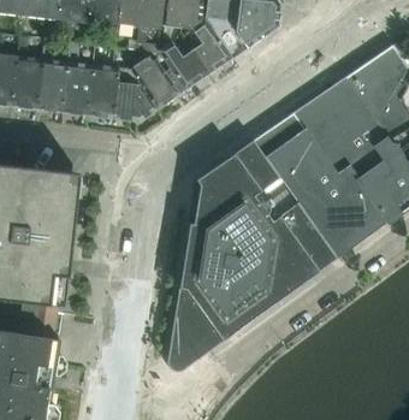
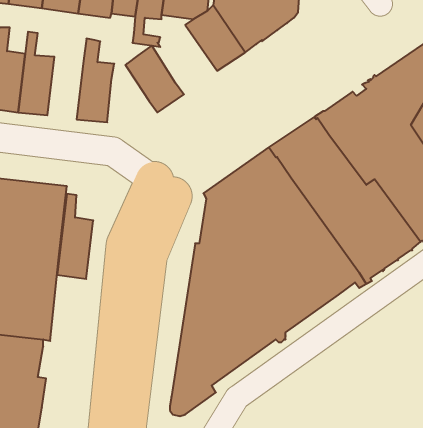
building: [156,34,208,90] -> none
building: [61,42,93,116] -> [57,194,93,279]
building: [113,81,156,122] -> none

